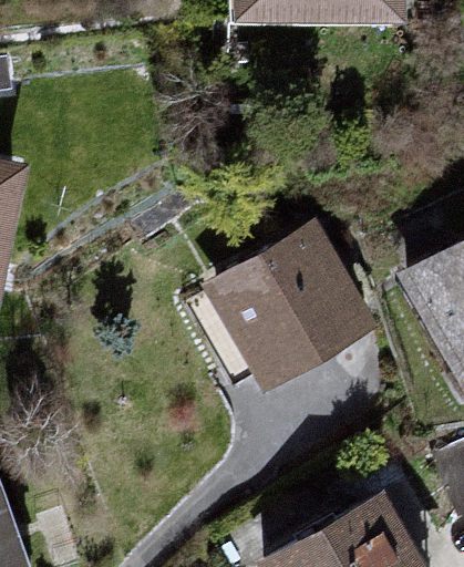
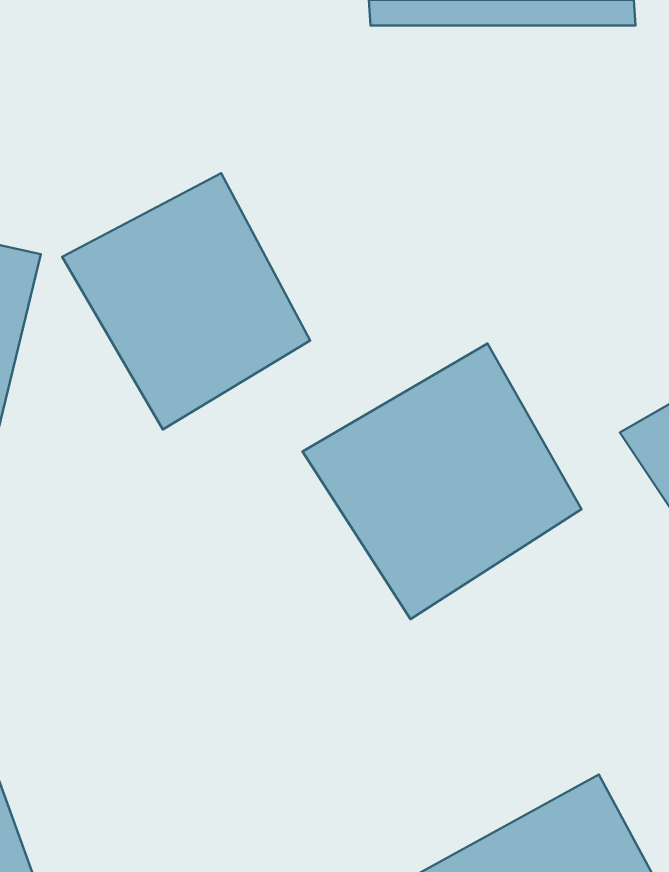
building: none -> [62,173,310,429]

